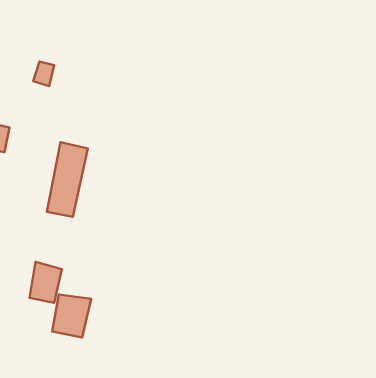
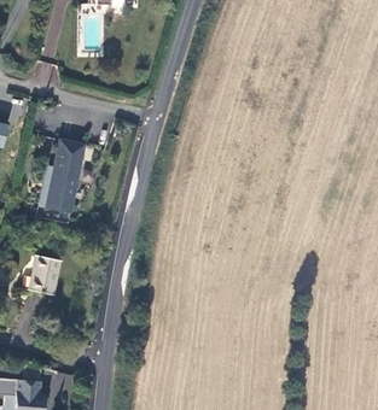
building: [52,295,91,338] -> none

